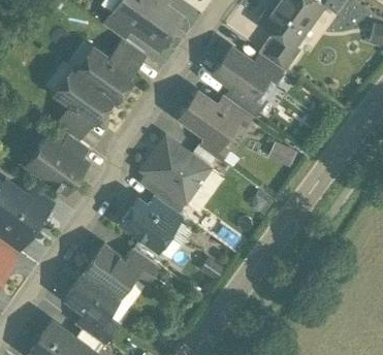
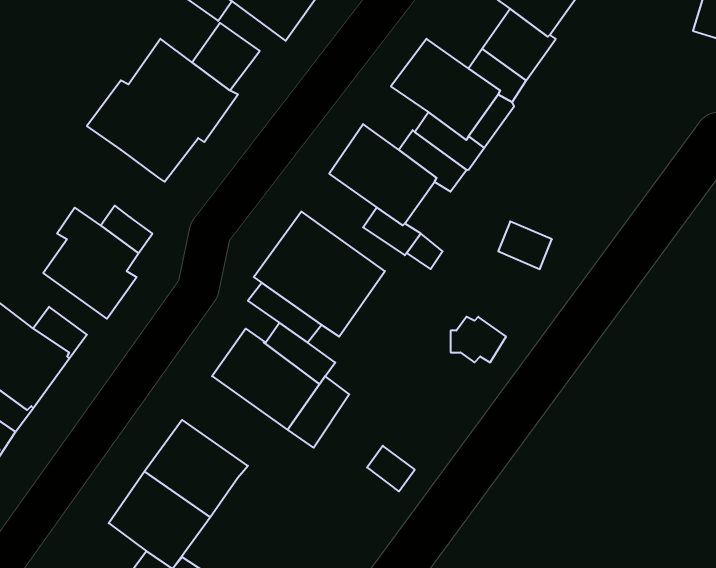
building: [57,105,92,140] -> none
building: [125,248,159,284] -> none

